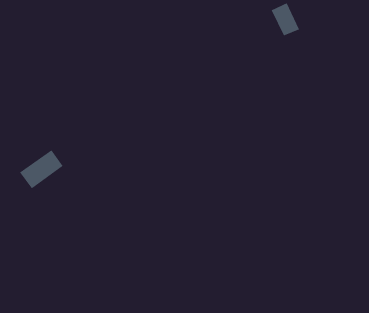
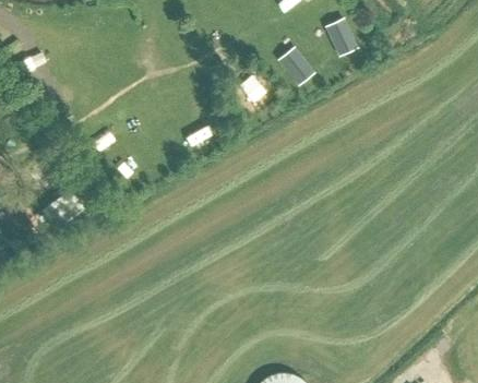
building: none -> [278,46,314,84]

